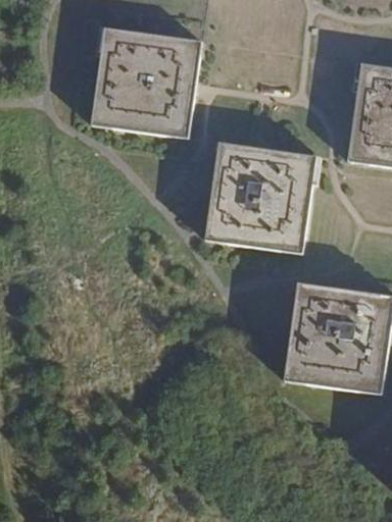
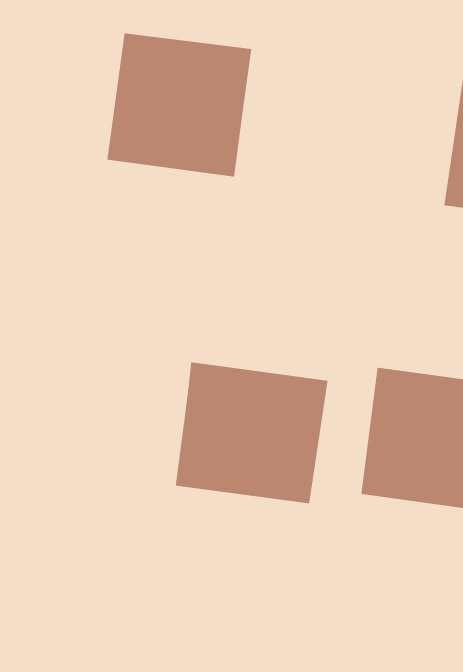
building: [206,143,316,253] -> none
building: none -> [175,361,328,504]

